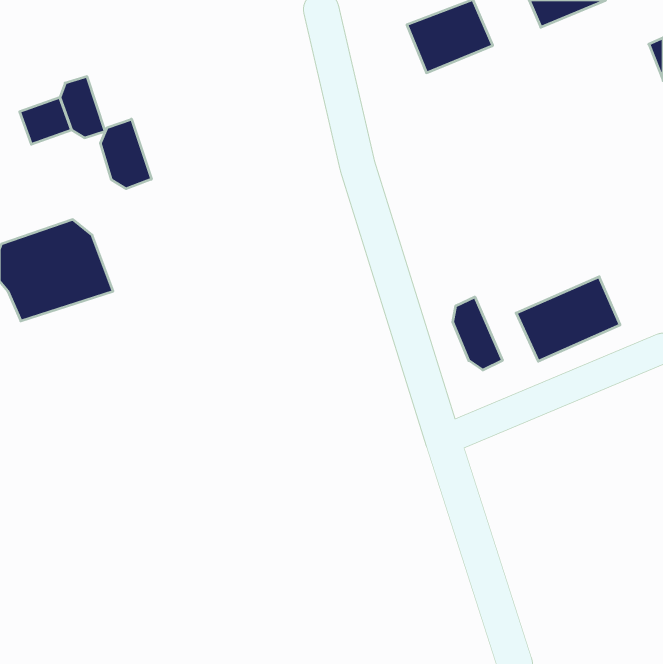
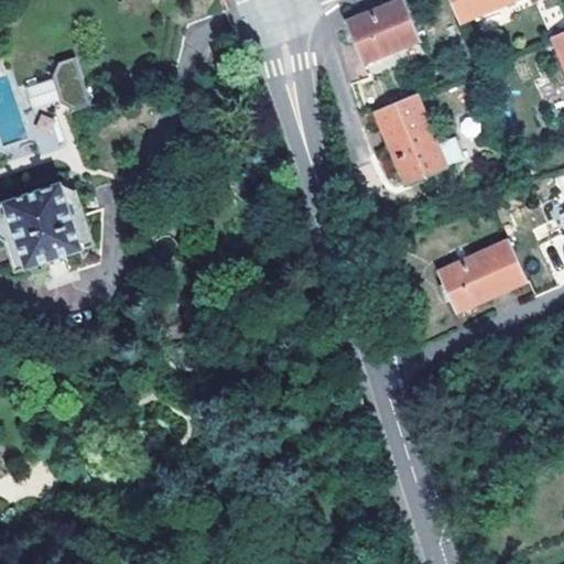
building: none -> [373,94,463,183]
building: [100,119,151,189] -> none
building: [453,297,502,370] -> none

